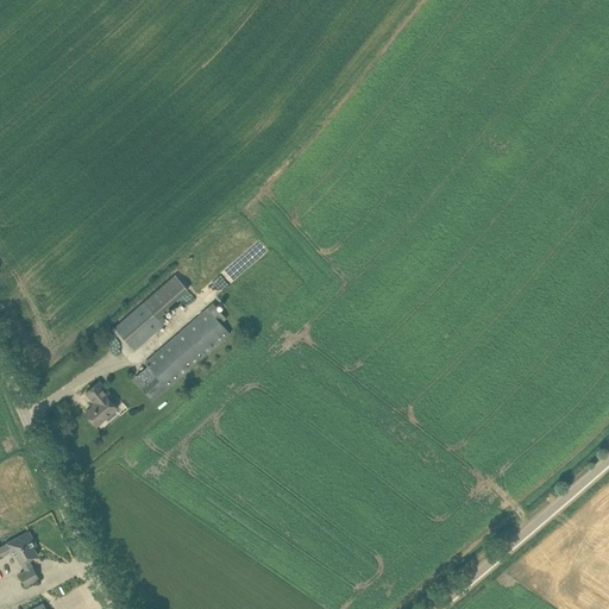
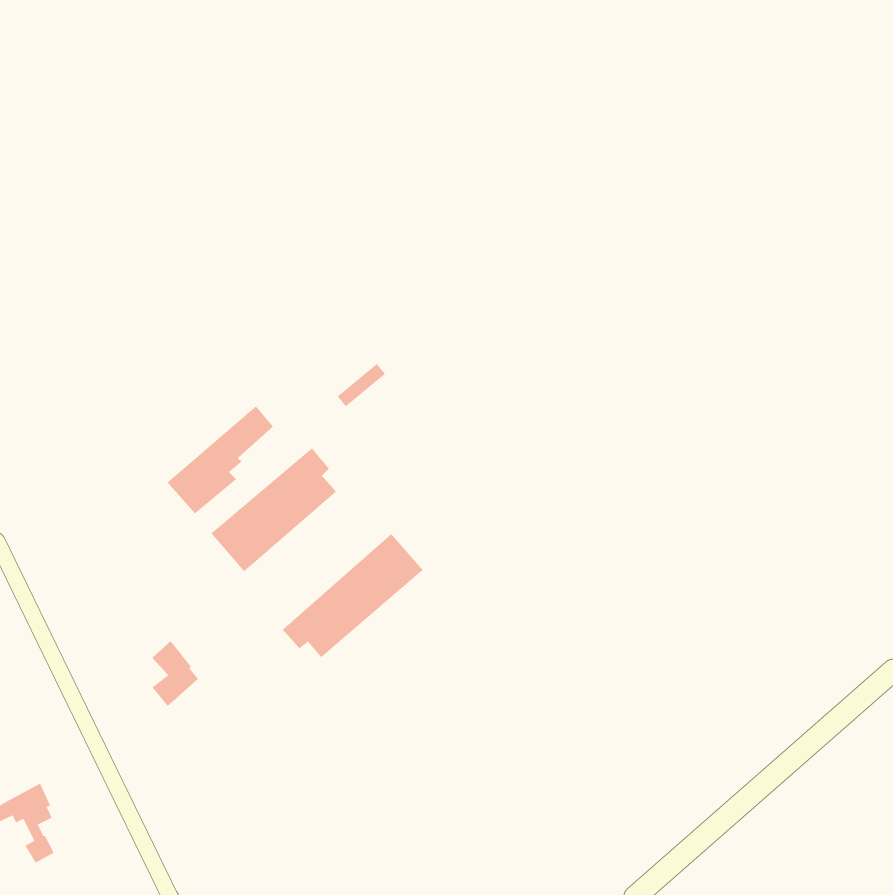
building: none -> [282,533,423,658]
building: [83,382,115,427] -> [152,640,199,707]

